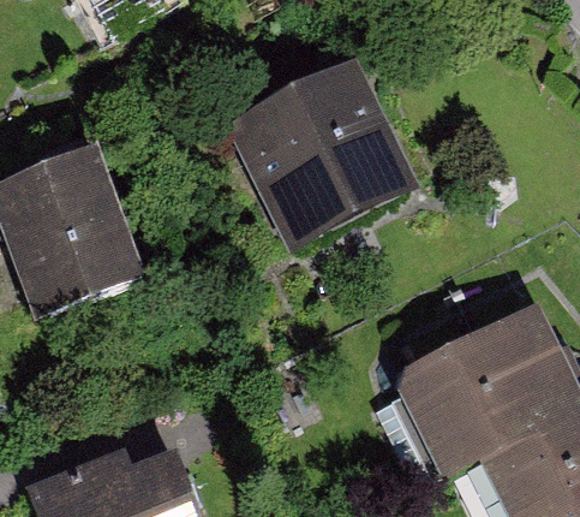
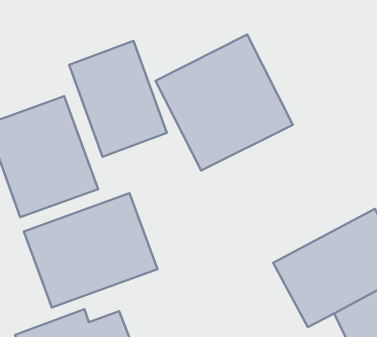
building: none -> [69,41,167,157]
building: none -> [24,193,157,307]

